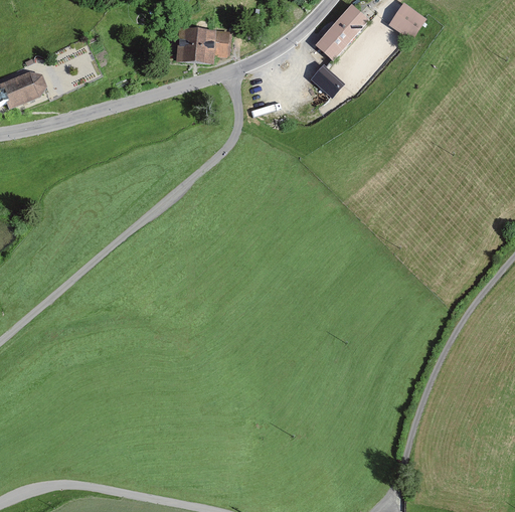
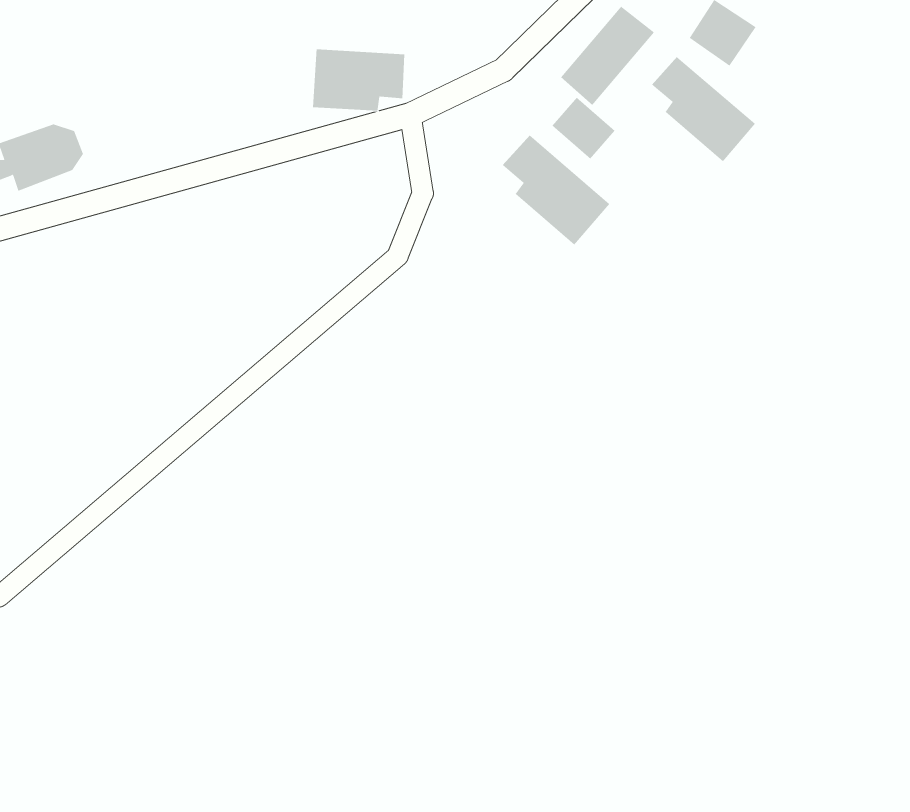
building: none -> [651,56,756,162]
building: none -> [502,134,610,246]

